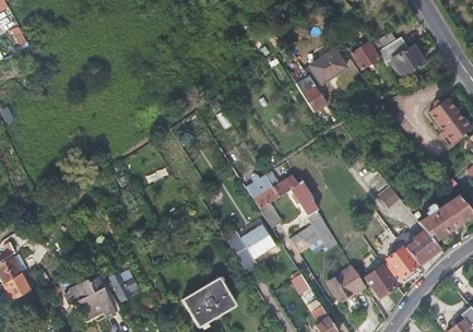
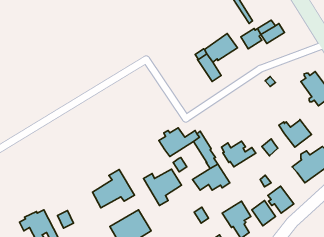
building: [386,45,425,76] -> none
building: none -> [221,141,256,167]
building: none -> [92,170,134,208]
building: [398,229,440,265] -> [279,119,312,147]

